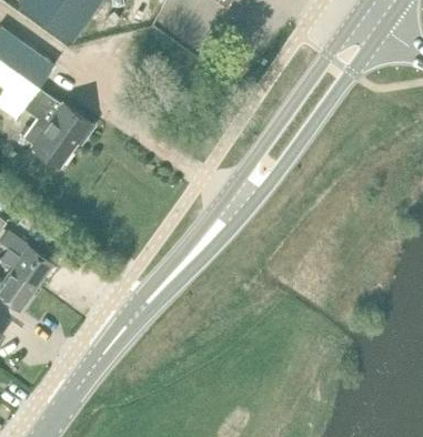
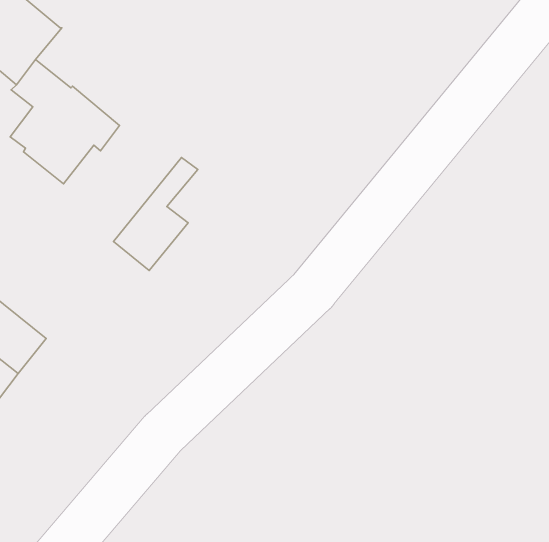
building: none -> [114,158,198,270]

